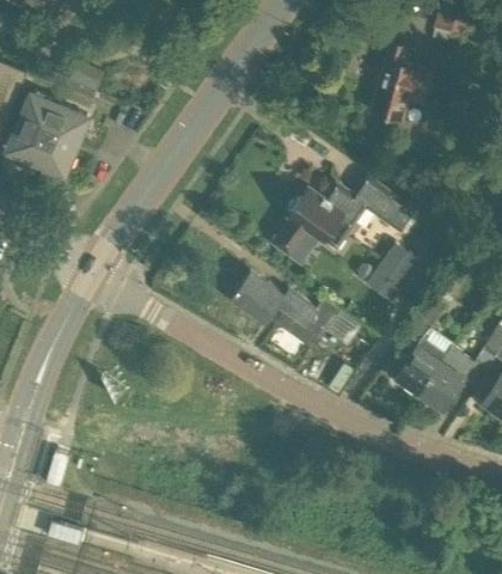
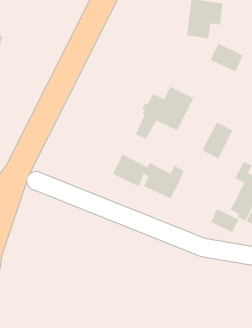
building: [366,187,416,233] -> [210,43,244,72]
building: none -> [210,209,239,233]

